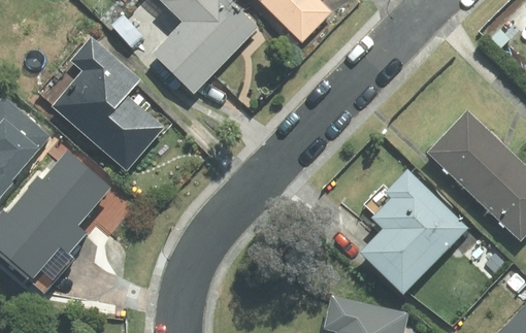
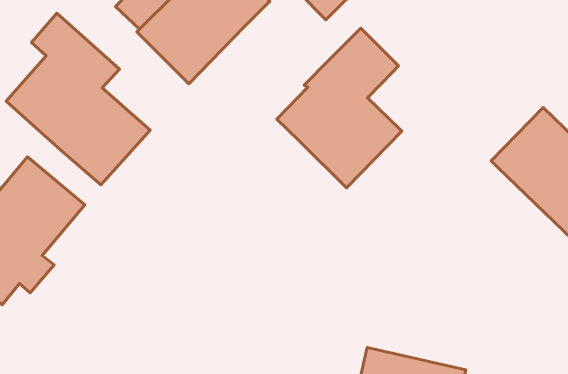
building: none -> [277,28,402,188]
building: [360,169,468,294] -> none

